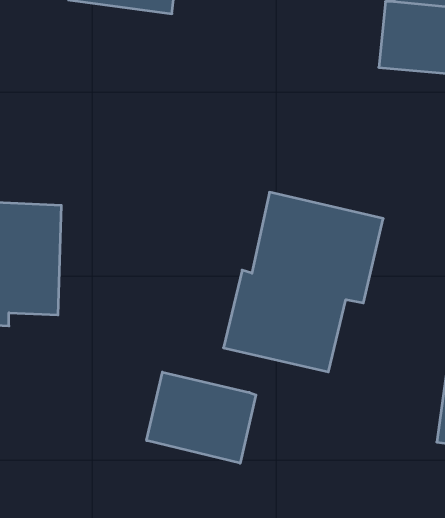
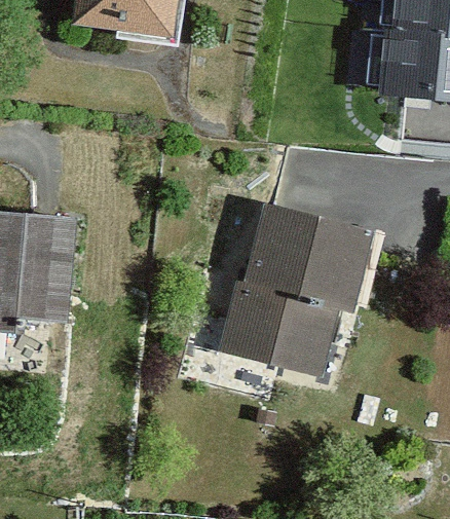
building: [147,372,256,463] -> none

